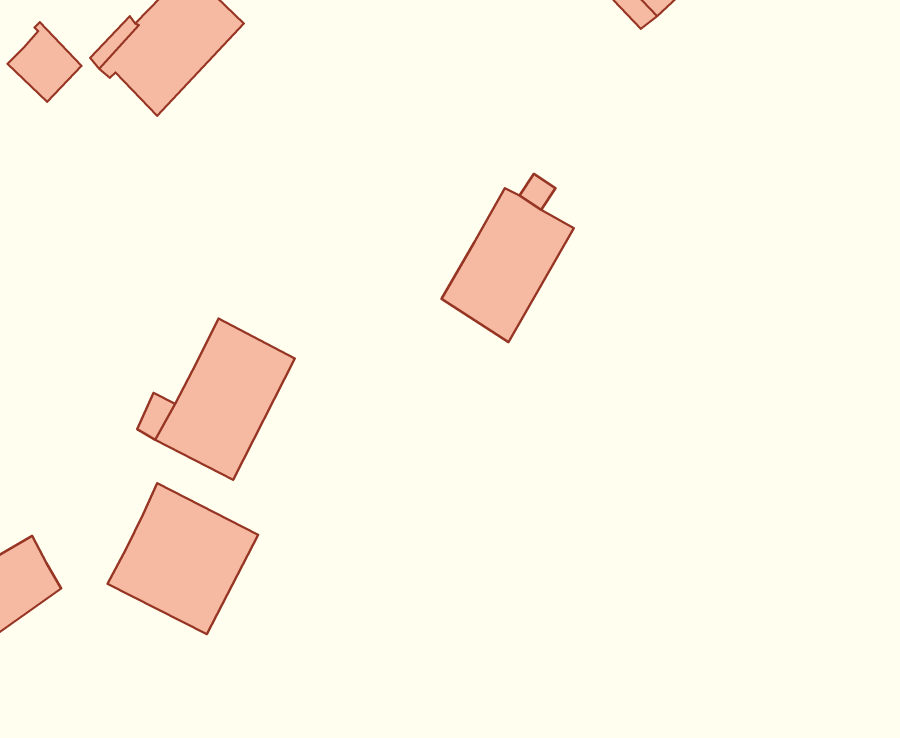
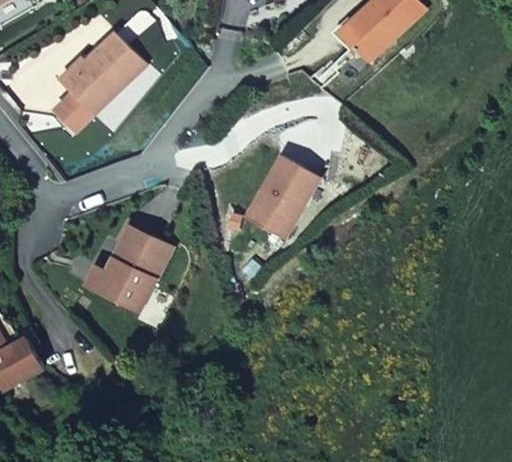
building: [7,22,82,102] -> [53,88,94,132]
building: [107,483,258,634] -> none

